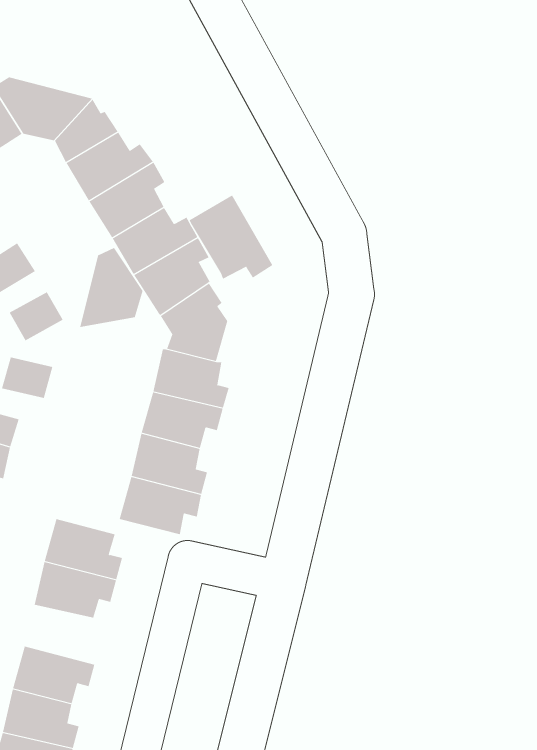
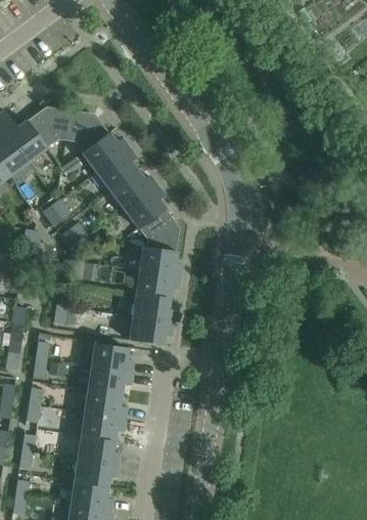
building: [189,195,273,279] -> none
building: [79,247,143,328] -> none
building: none -> [85,390,126,419]

